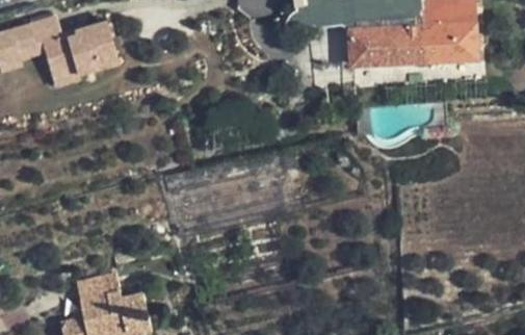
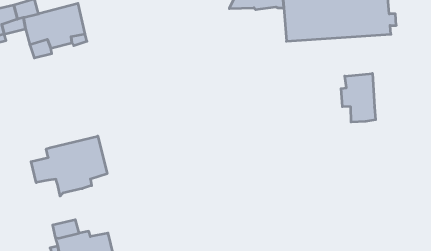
building: none -> [341,73,376,122]
building: none -> [31,136,107,196]

